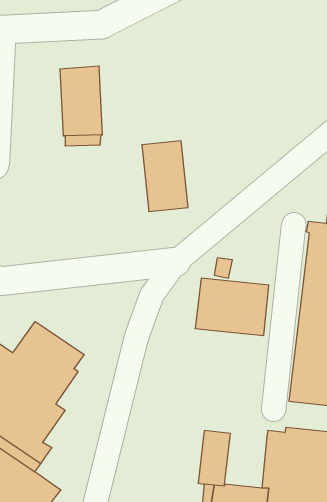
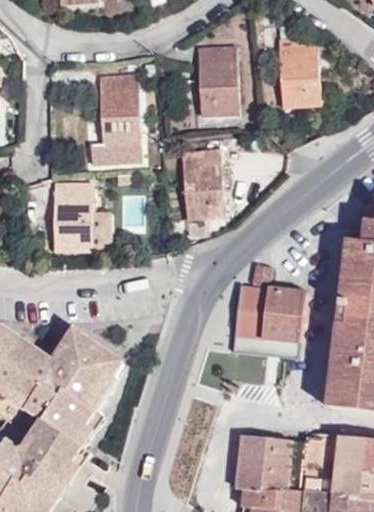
building: none -> [278,39,321,108]
building: none -> [197,47,239,116]
building: none -> [54,184,93,252]
building: none -> [262,440,304,494]

